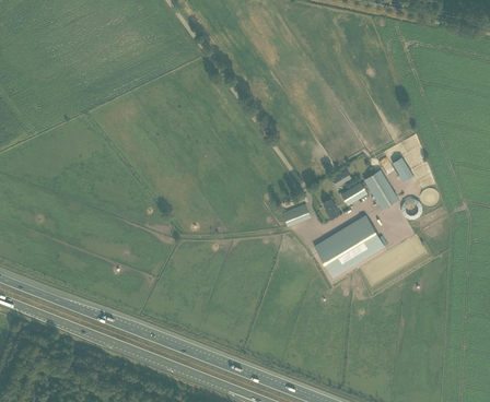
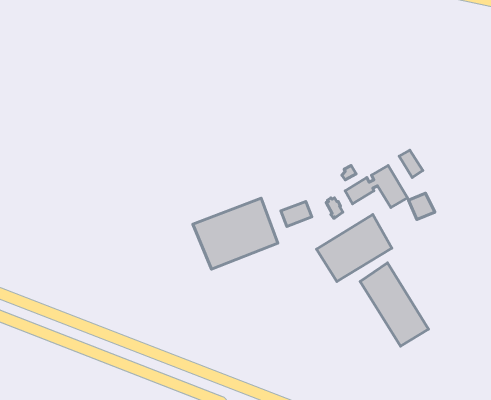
building: none -> [193,198,278,269]
building: none -> [360,263,428,346]

